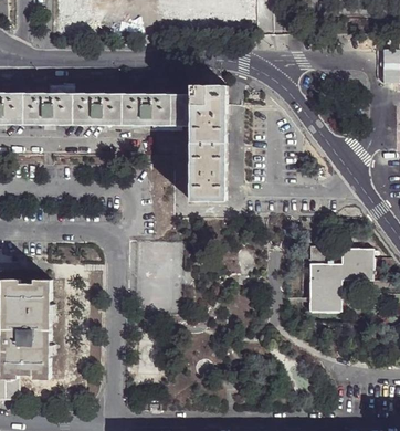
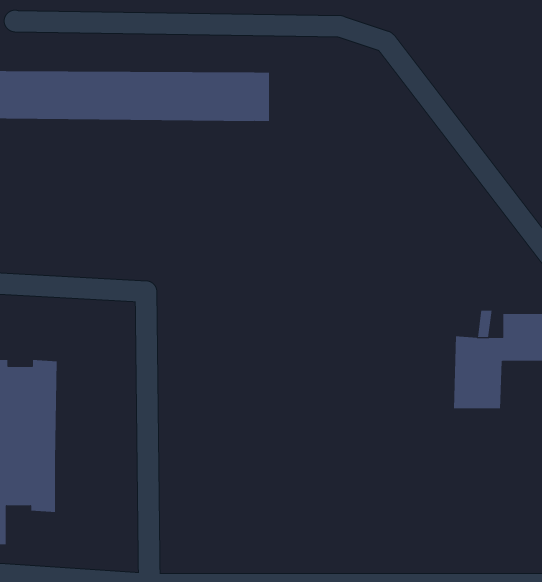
building: [188,84,225,200] -> none

